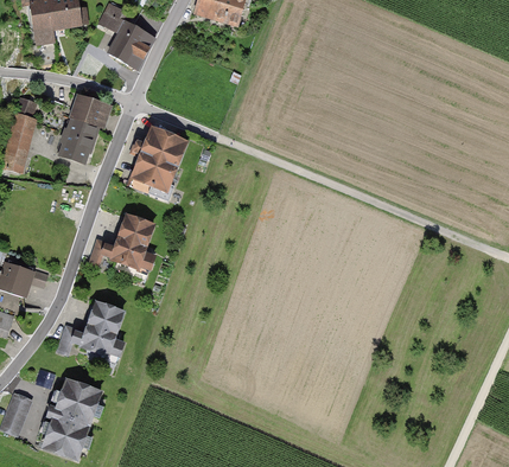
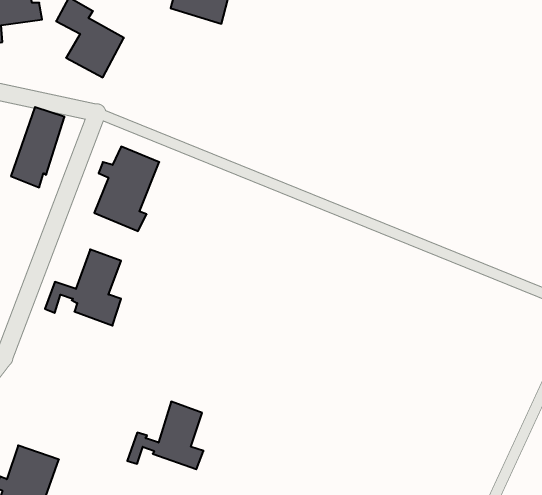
building: [59,301,123,358] -> [127,402,204,469]

